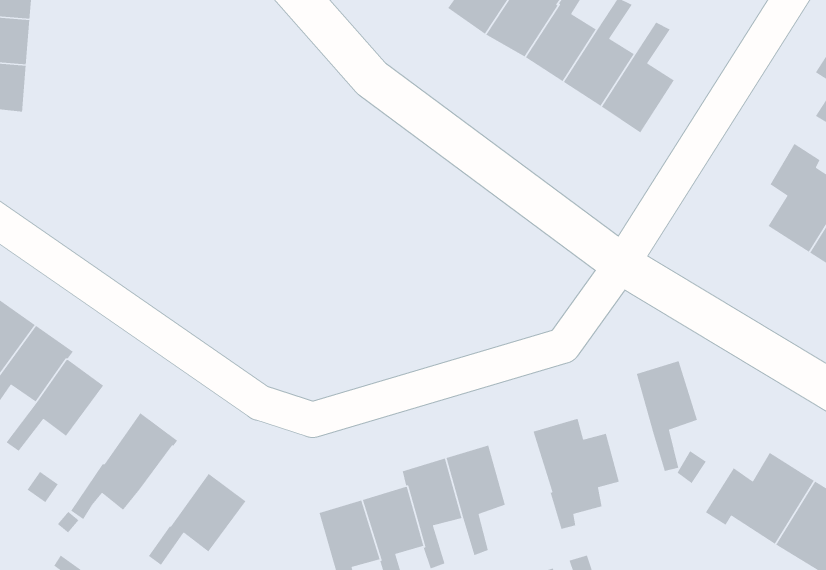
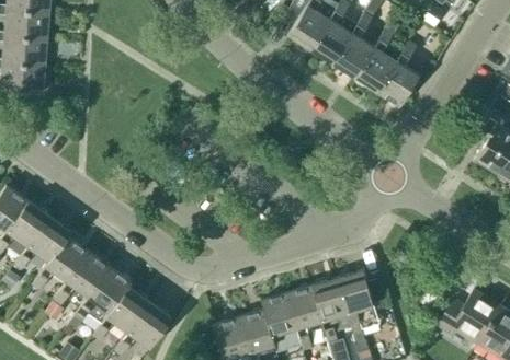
building: [636,360,698,472] -> [313,277,349,341]
building: none -> [55,251,111,304]
building: none -> [93,286,150,339]

